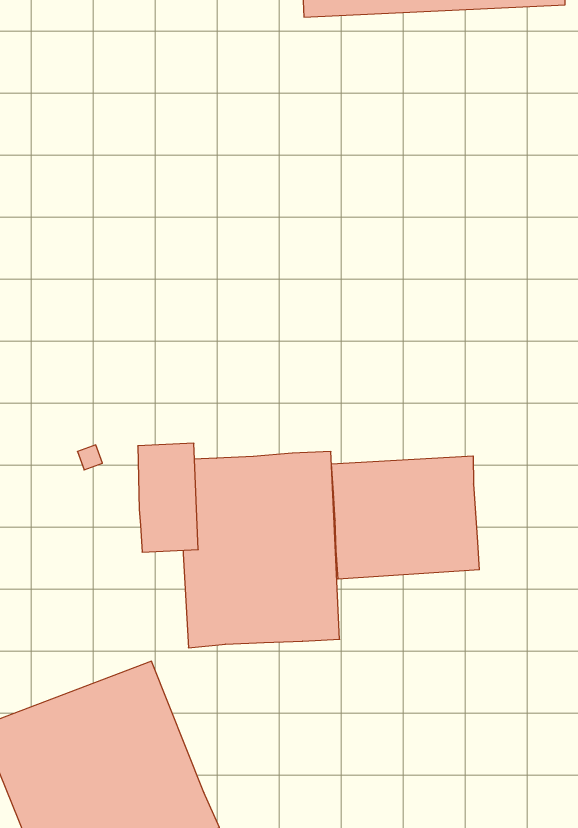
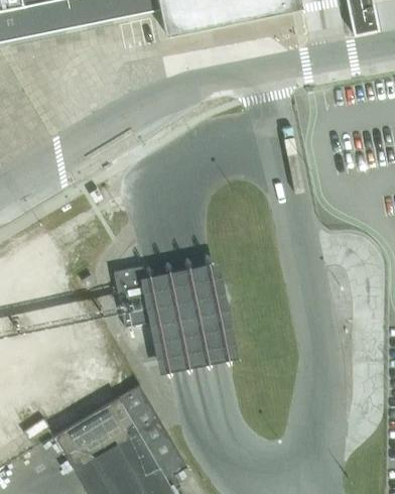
building: [332,456,479,579] -> none

